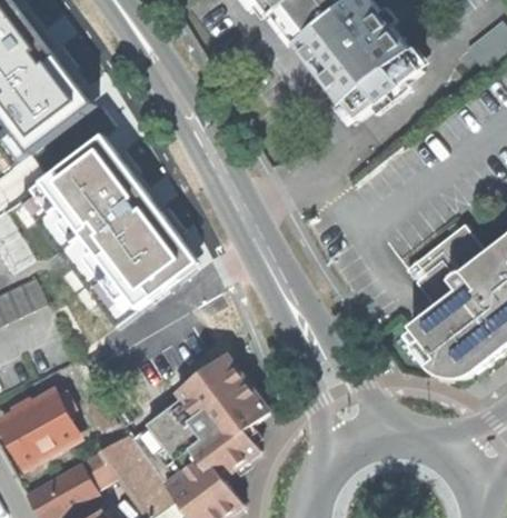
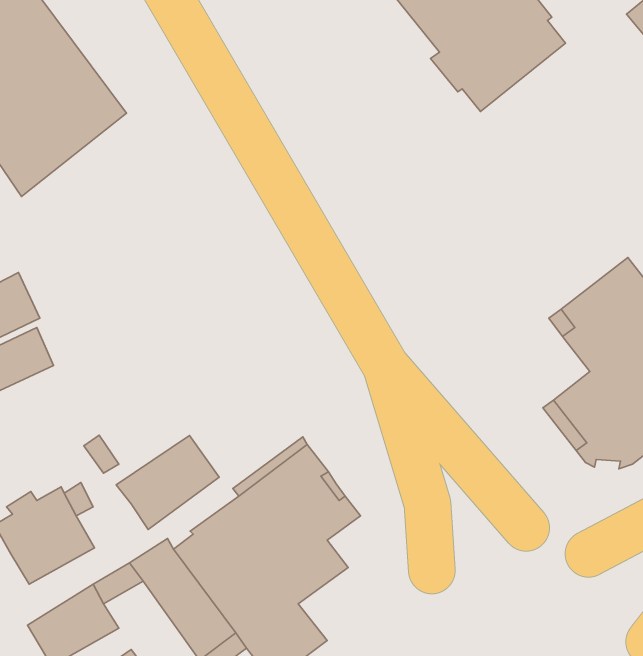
building: [16,140,195,327] -> none
building: none -> [116,435,219,530]

